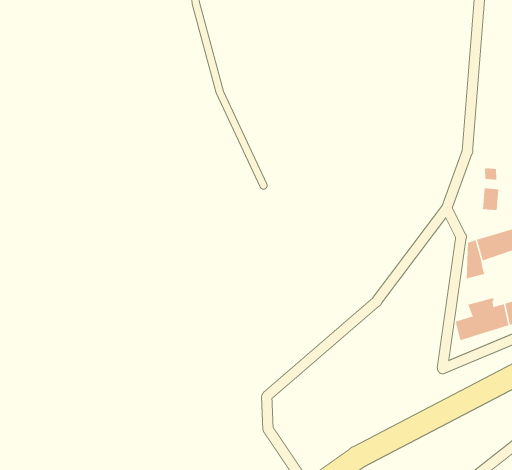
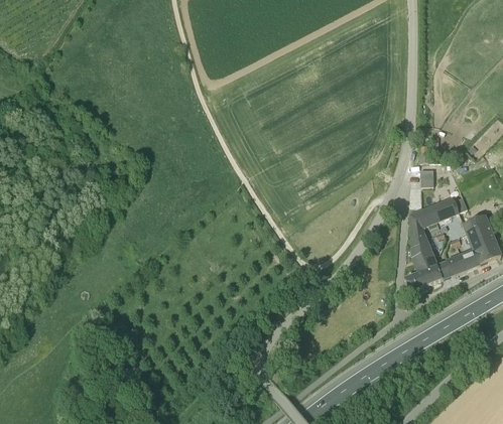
building: none -> [411,237,434,262]

